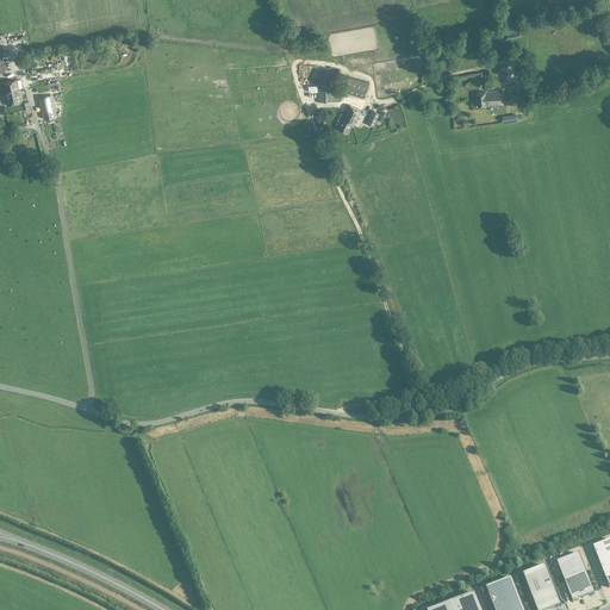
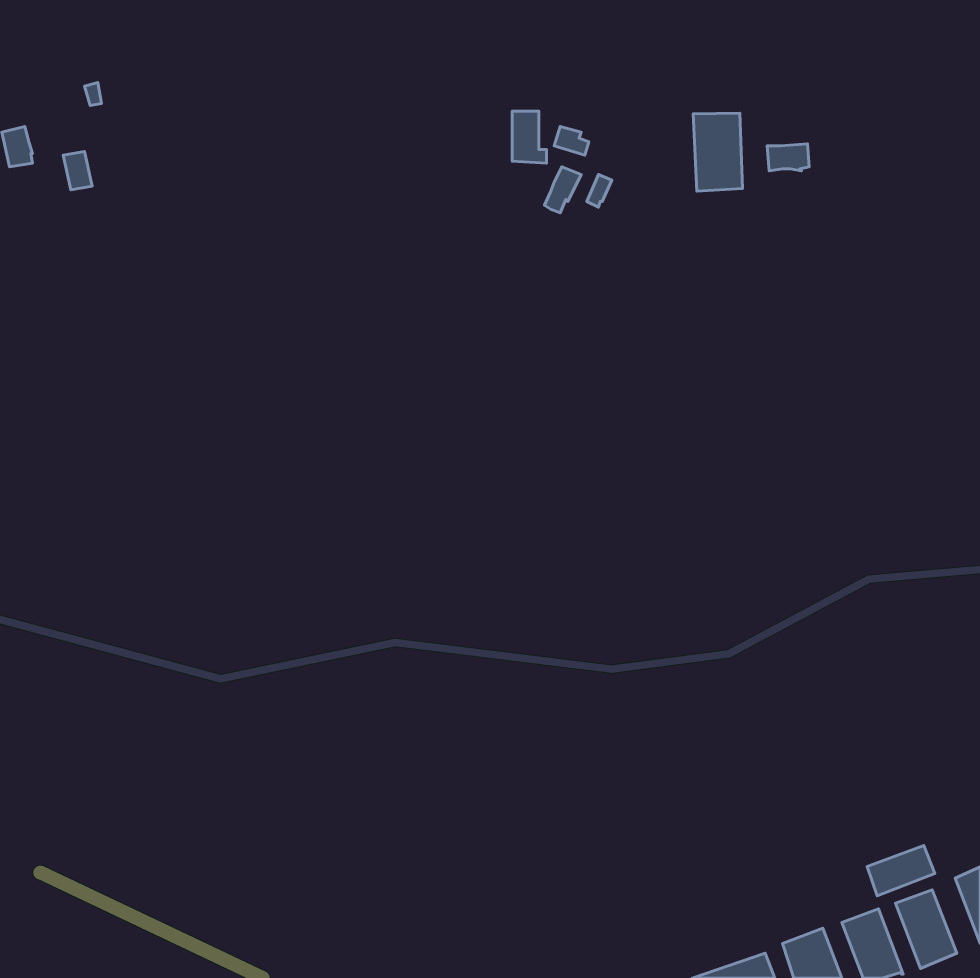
building: none -> [693,113,743,191]
building: none -> [867,845,935,896]

